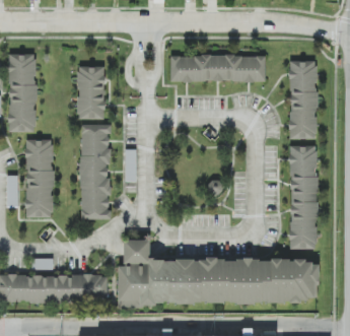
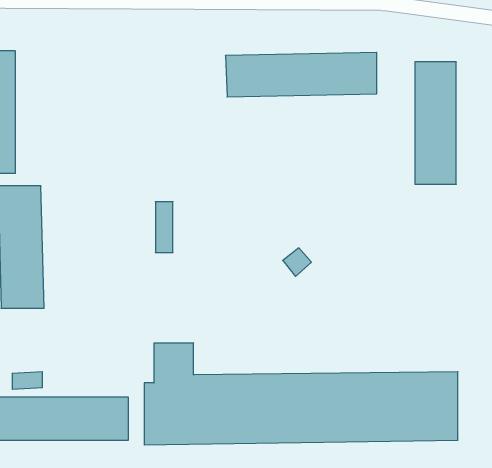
building: [77,66,104,119] -> none
building: [80,124,110,219] -> none
building: [290,145,317,248] -> none

